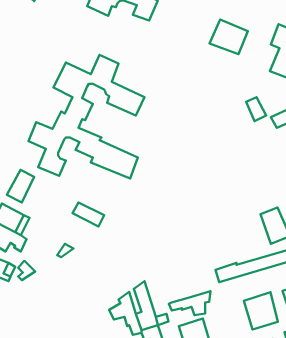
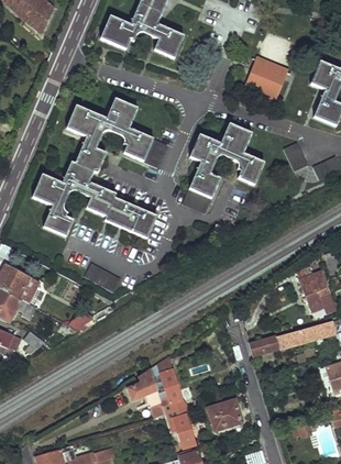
building: none -> [182,123,263,213]
building: [7,170,34,203] -> none
building: [169,291,210,315] -> none
building: [244,292,278,330] -> none

